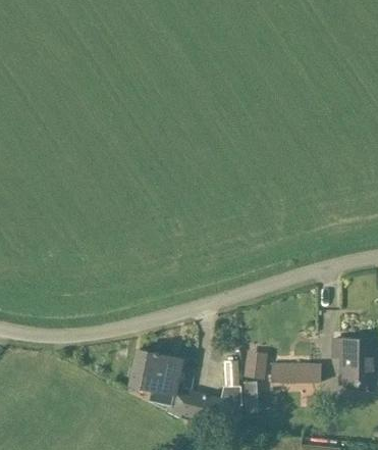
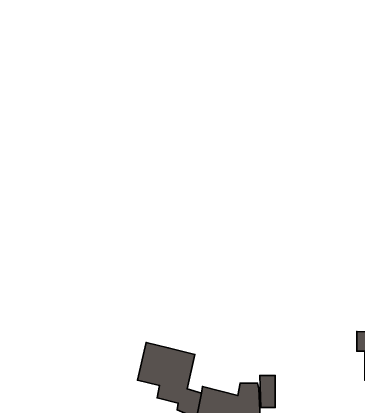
building: [244,351,268,380] -> none
building: [271,364,321,383] -> none

